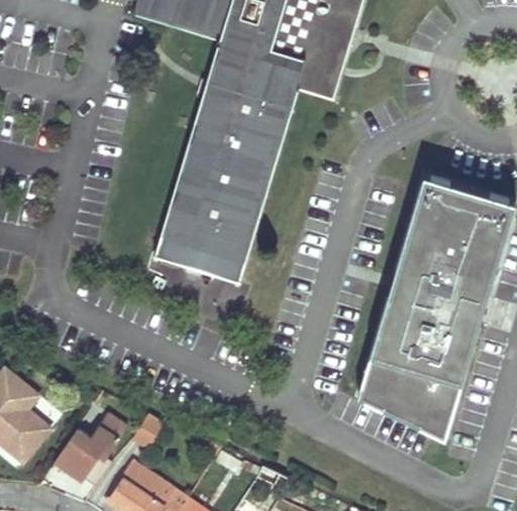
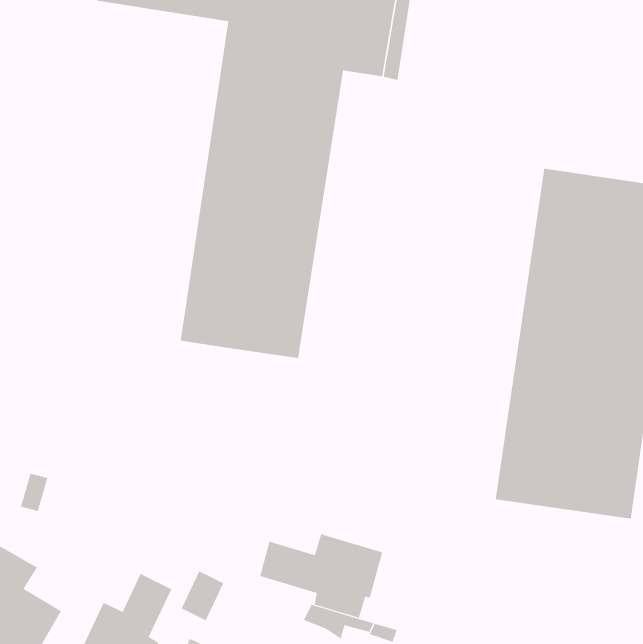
building: none -> [260,533,383,619]

